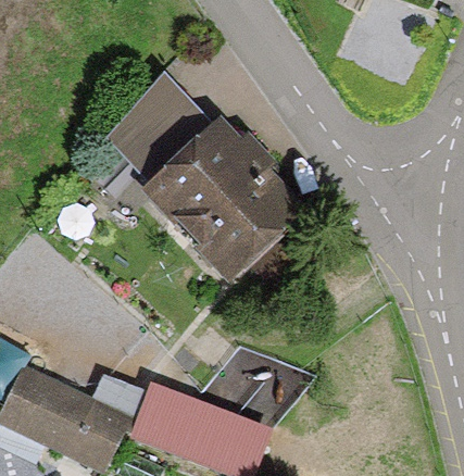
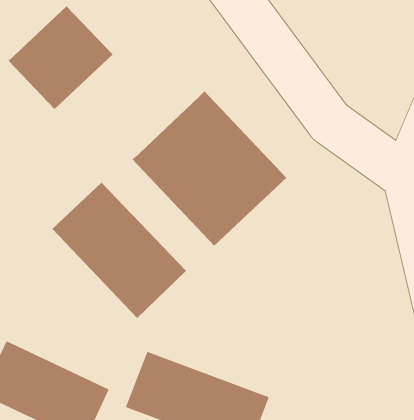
building: [105,77,211,181] -> [8,5,113,110]
building: none -> [52,182,187,319]

